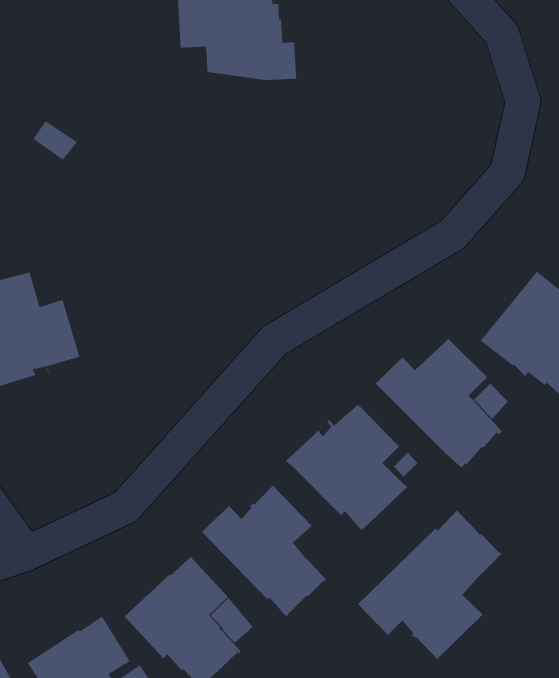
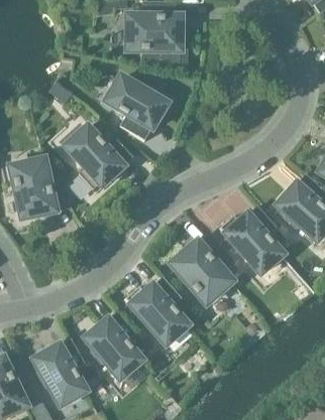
building: none -> [103,76,171,139]
building: none -> [65,125,131,191]
building: [357,509,502,660] -> none

